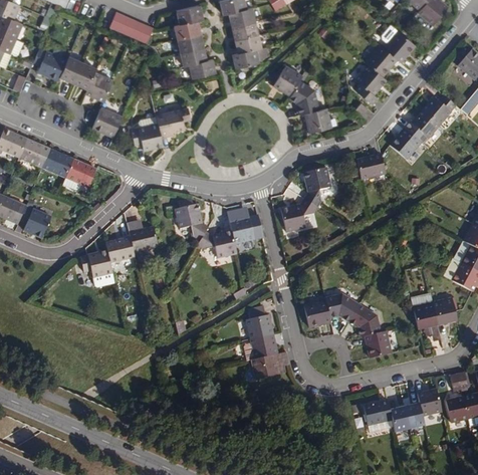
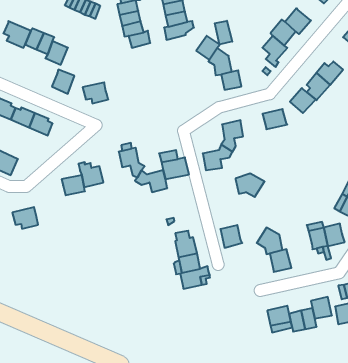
building: none -> [215,21,232,45]
building: [156,106,191,134] -> none
building: [79,251,111,278] -> [12,207,38,229]
building: [323,293,360,322] -> [236,174,265,197]

